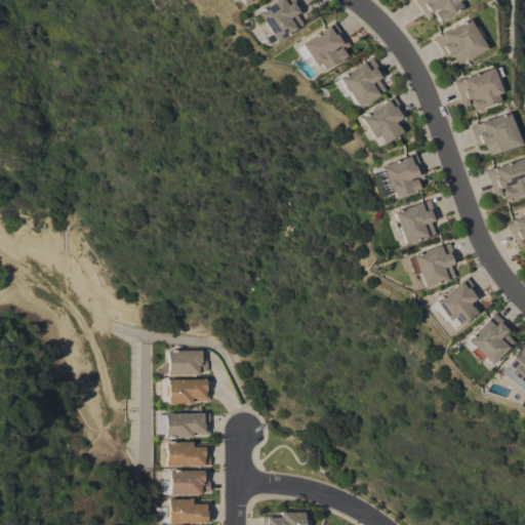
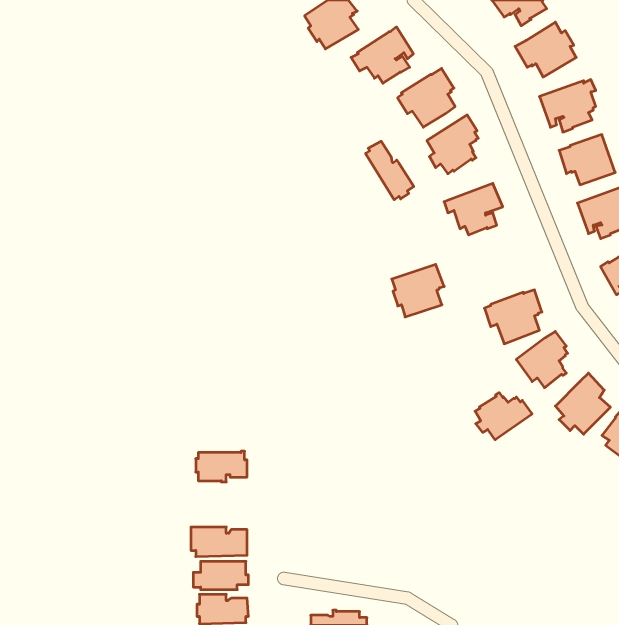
building: none -> [366,141,414,200]
building: [396,200,440,244] -> [392,264,444,317]
building: none -> [475,393,532,440]
building: [171,351,211,374] -> none
building: [162,413,212,437] -> none

